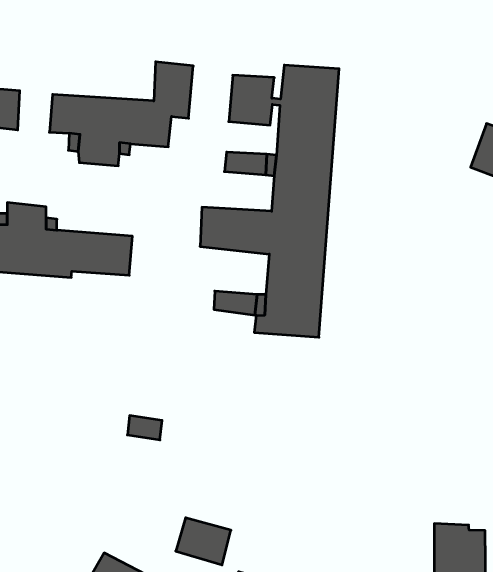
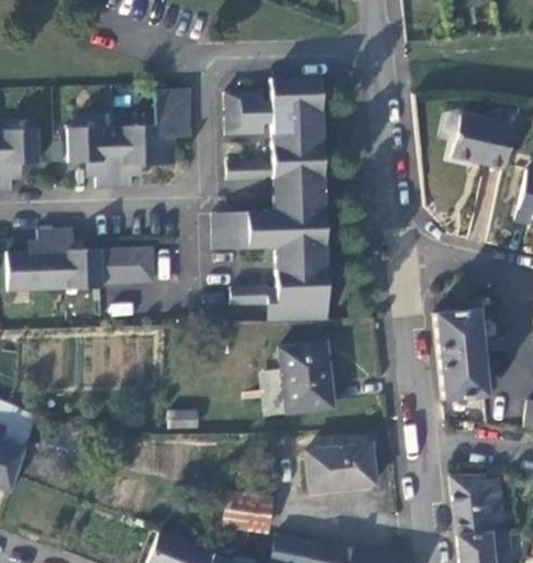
building: none -> [433,308,484,398]
building: none -> [277,340,330,412]
building: none -> [308,443,377,492]

